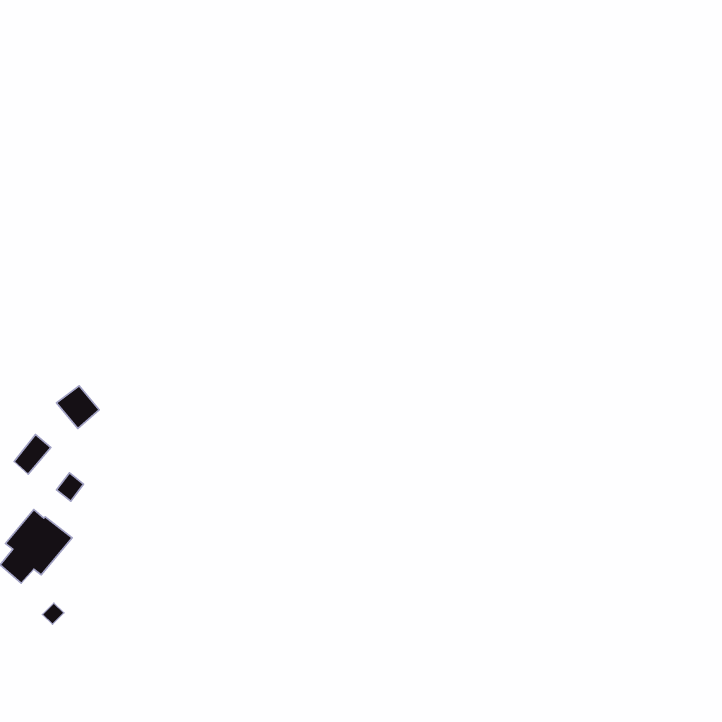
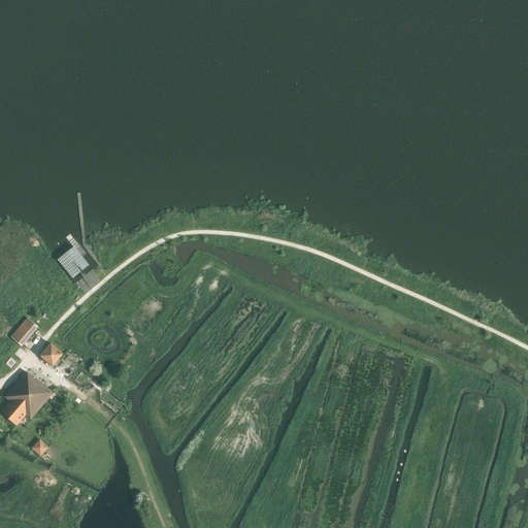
building: [57,386,99,428] -> [57,246,88,277]

